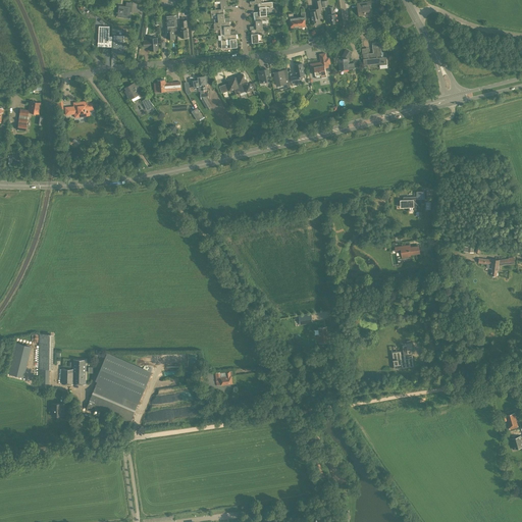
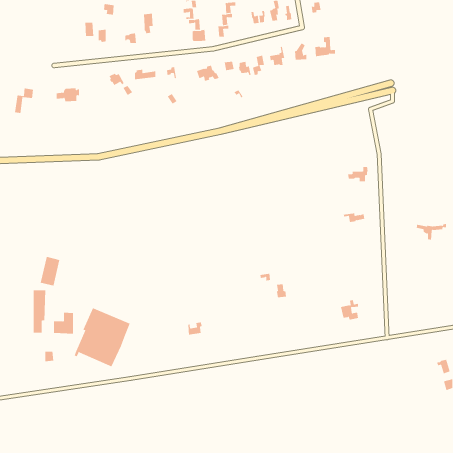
building: [7,342,31,376] -> [40,256,60,286]

